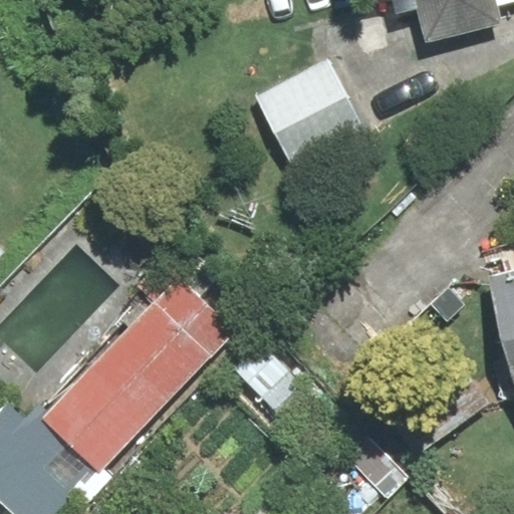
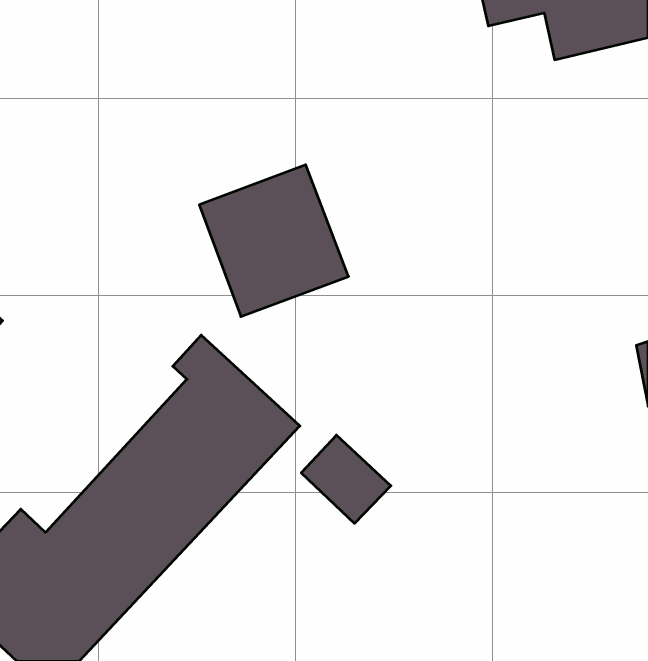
building: [253,61,368,179] -> [199,165,349,317]

